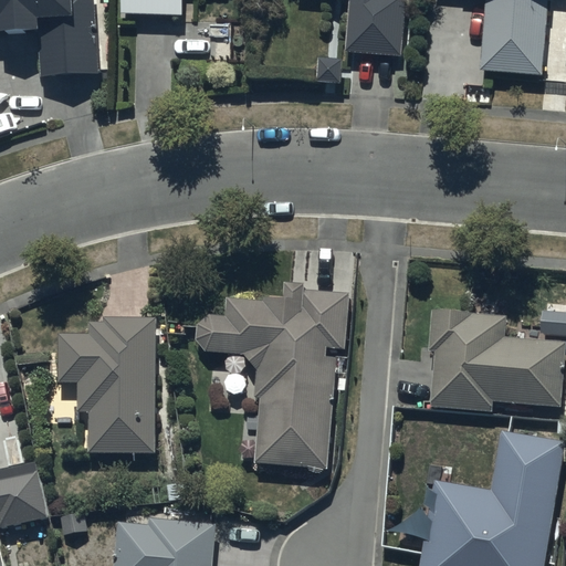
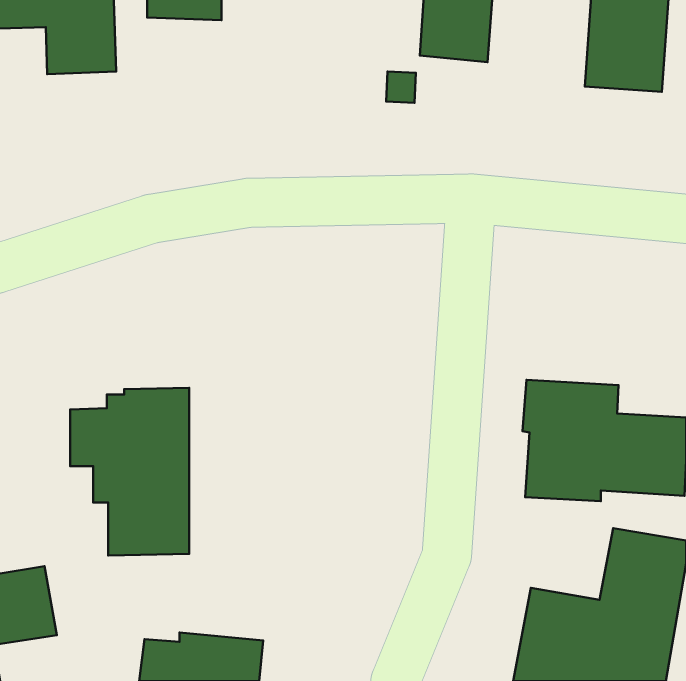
building: [196,283,348,470] -> none

